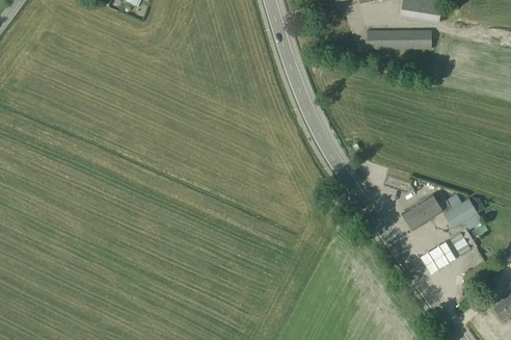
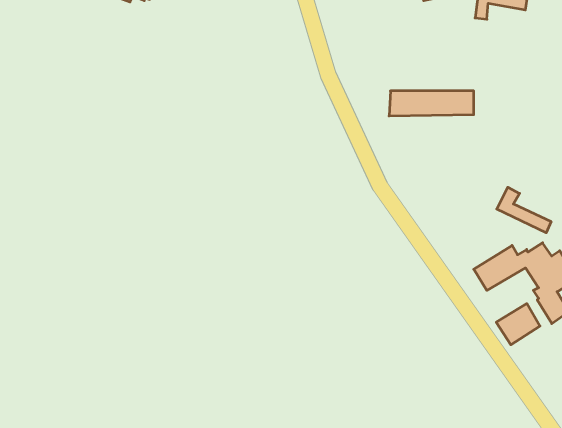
building: [365,31,431,51] -> [389,91,474,116]
building: none -> [497,187,551,233]

